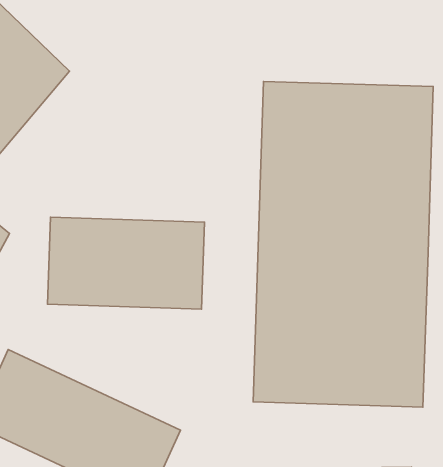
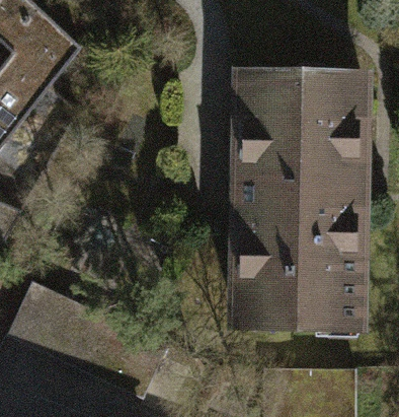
building: [47,217,205,309] -> none

